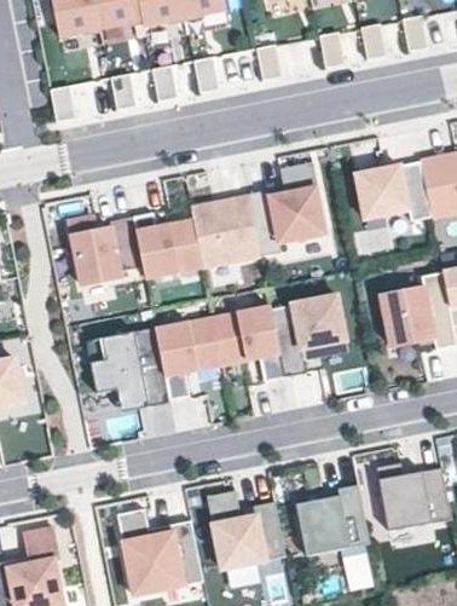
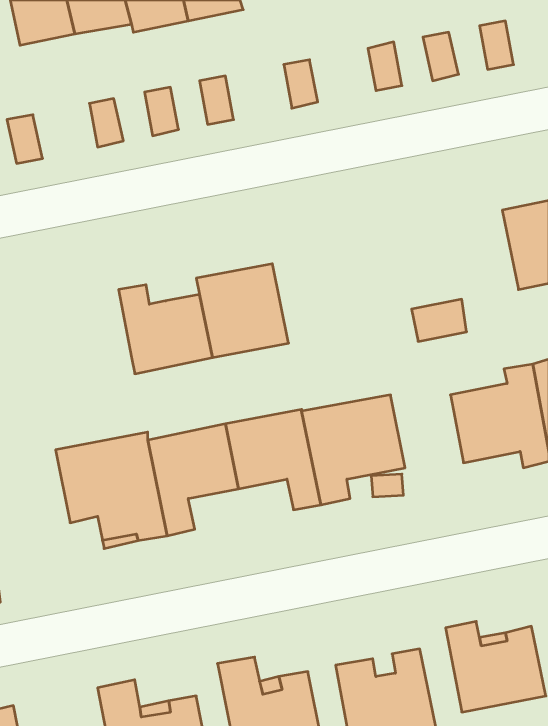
building: [247,163,324,256] -> none
building: [354,166,407,219] -> none
building: [68,217,141,285] -> none

